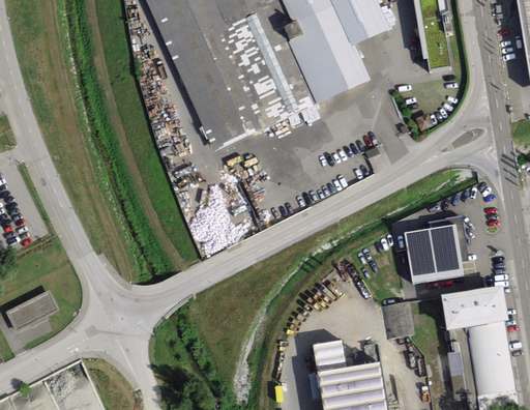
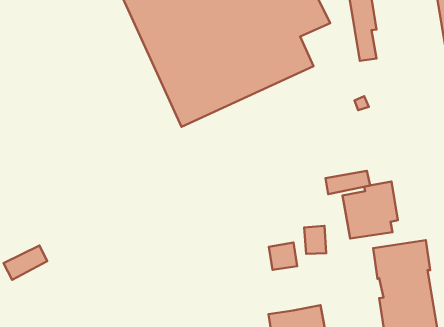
building: none -> [325,171,370,194]
building: [387,303,413,336] -> [304,226,326,254]
building: [313,339,346,371] -> [269,243,297,270]

